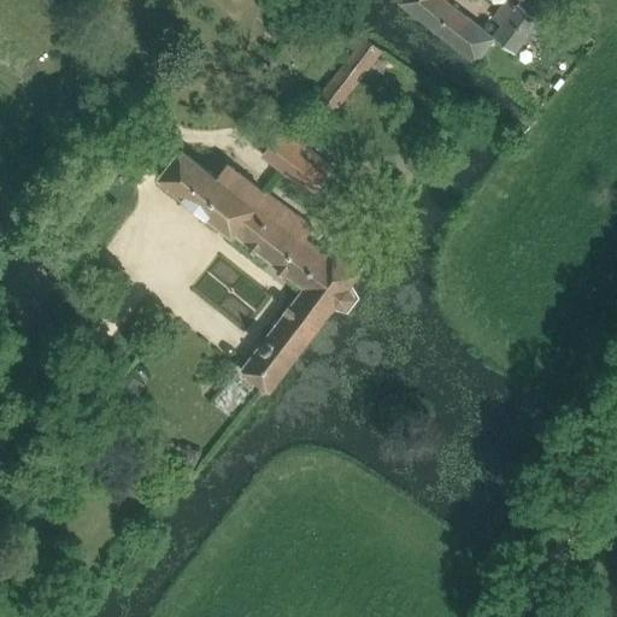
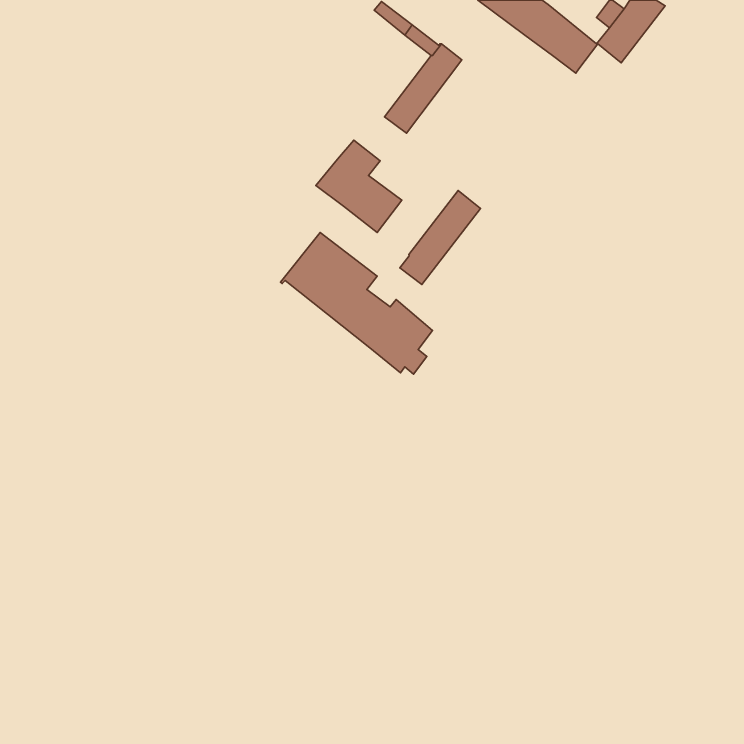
building: [160,152,264,235] -> none
building: none -> [400,191,481,284]
building: [241,289,330,392] -> none

